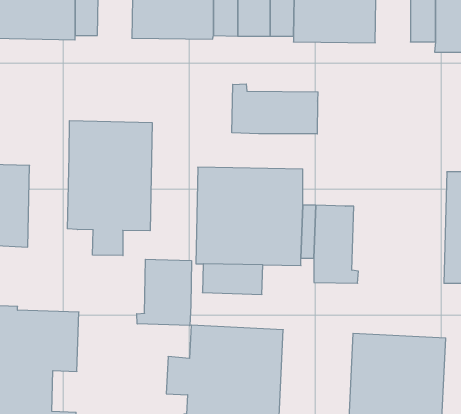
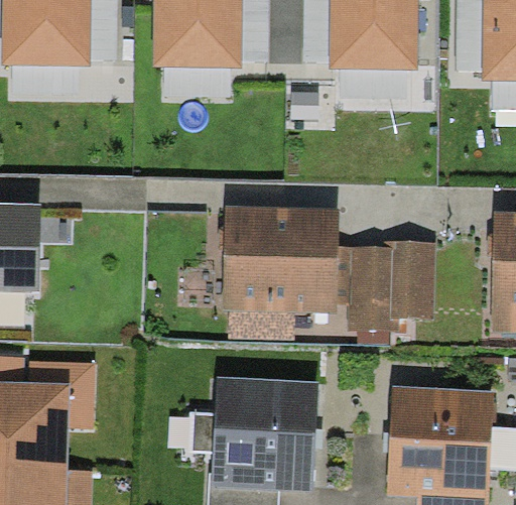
building: [232,84,318,134] -> none
building: [67,121,152,256] -> none
building: none -> [385,242,435,319]
building: [137,259,191,326] -> none

